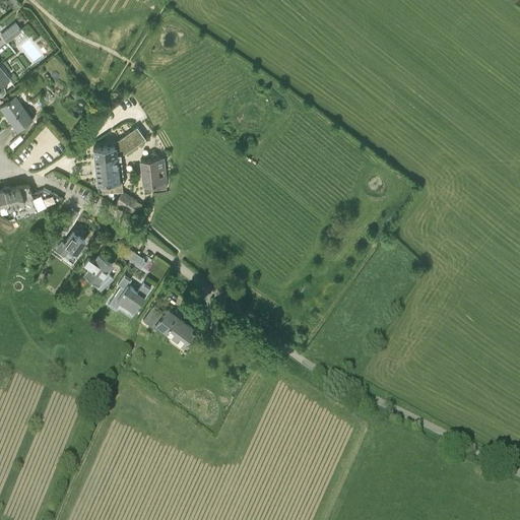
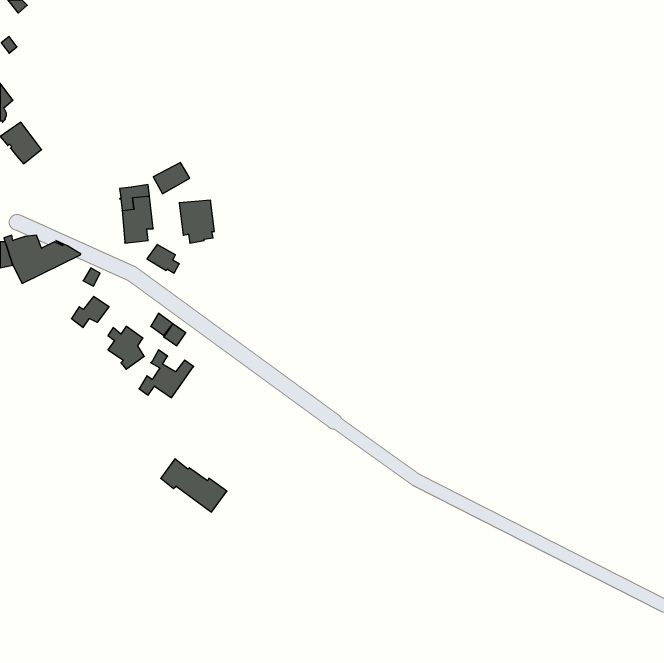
building: [143,305,195,346] -> [161,459,227,512]

